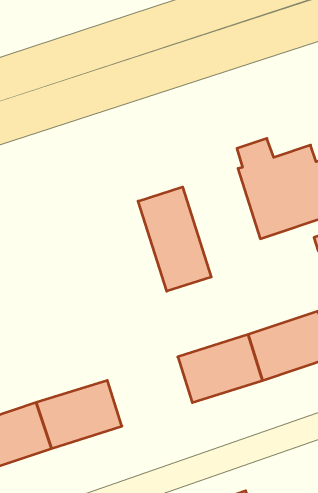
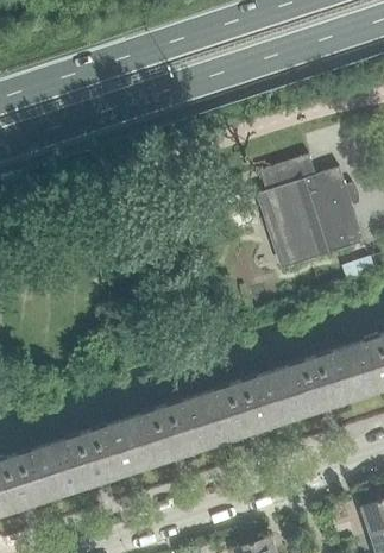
building: [138,187,211,291] -> none
building: none -> [122,395,213,469]

